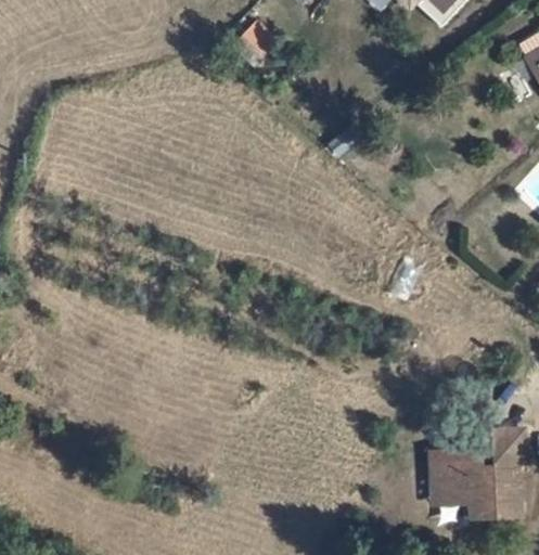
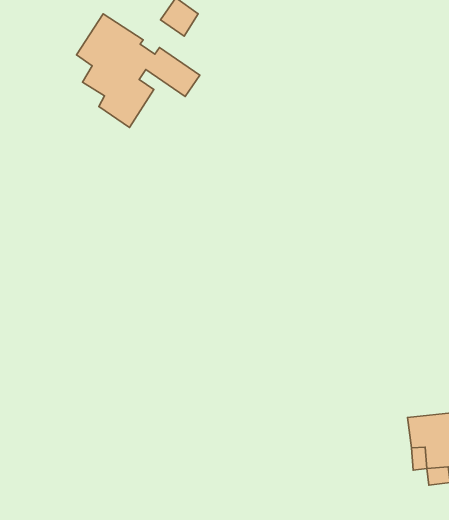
building: none -> [76,14,200,127]

